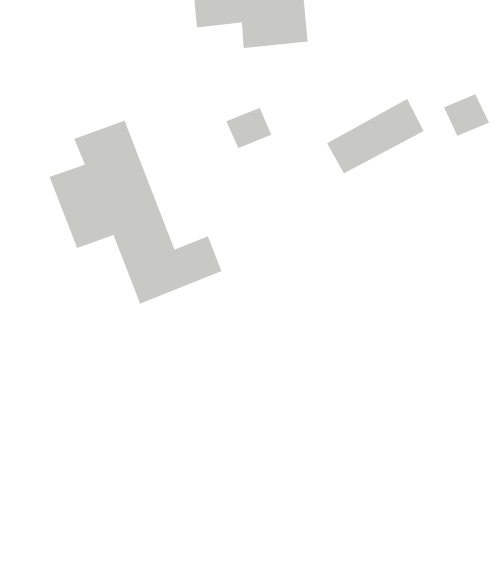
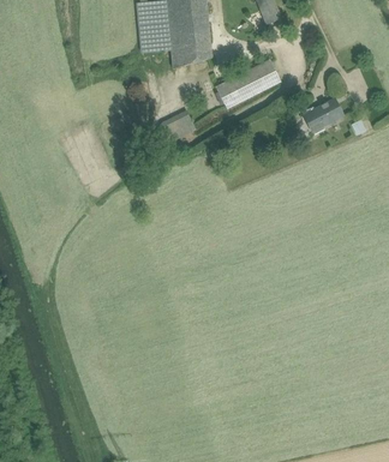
building: [326,98,425,174] -> [213,56,281,109]
building: [49,120,222,305] -> none

